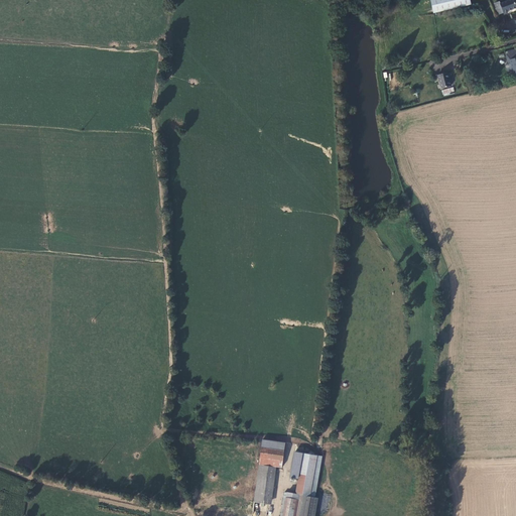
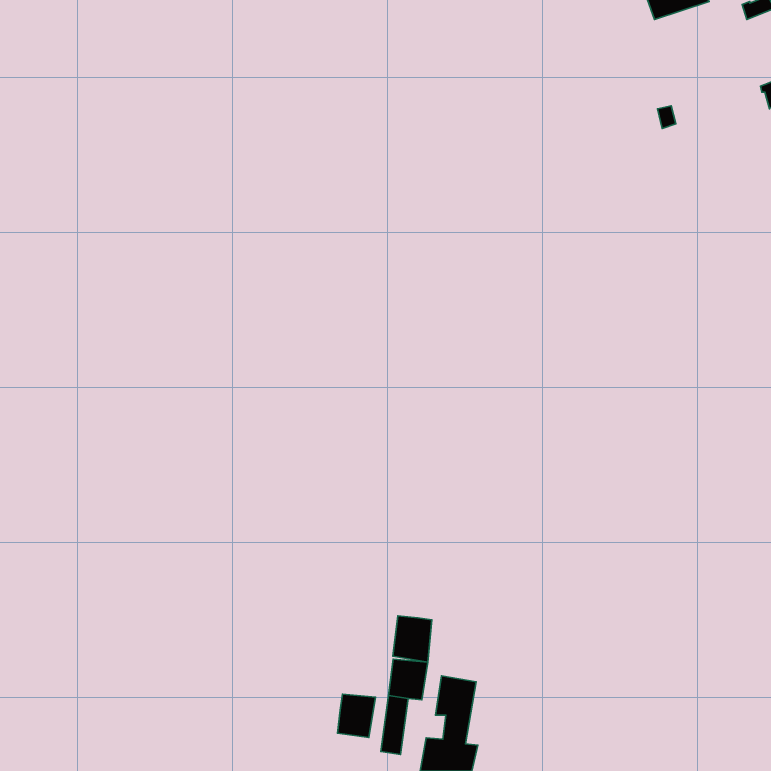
building: none -> [393,616,432,662]
building: none -> [337,694,376,737]

